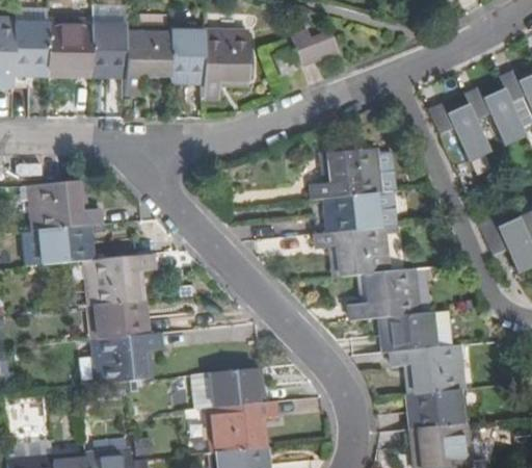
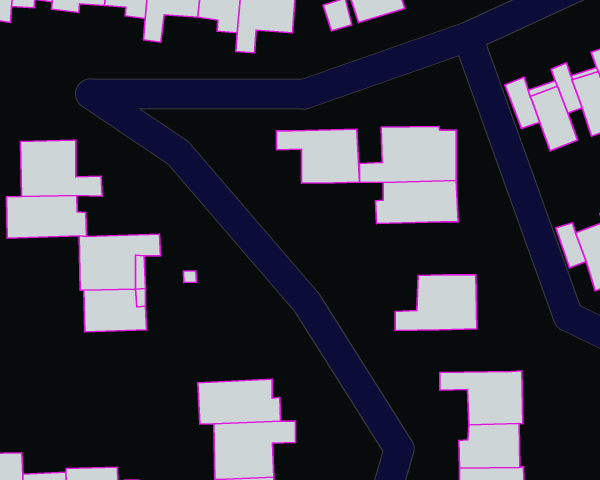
building: [317,227,389,275] -> [276,129,359,183]
building: [382,310,451,352] -> none
building: [92,333,161,384] -> none

